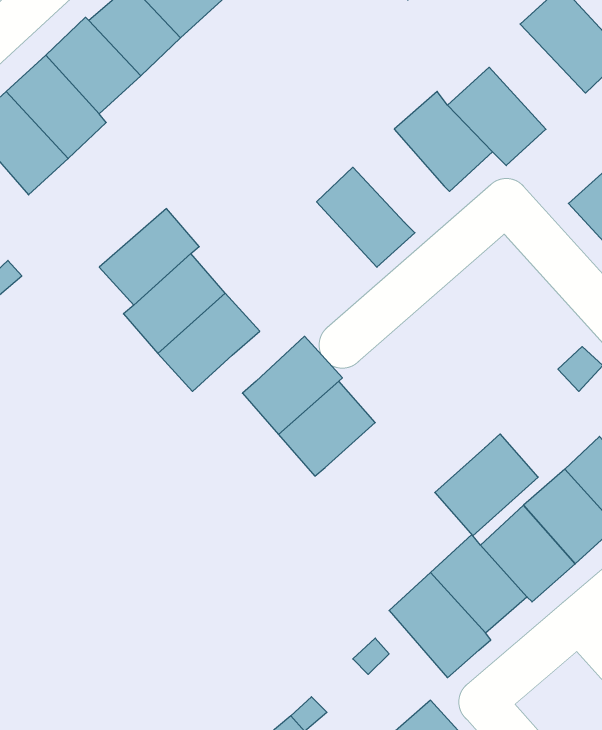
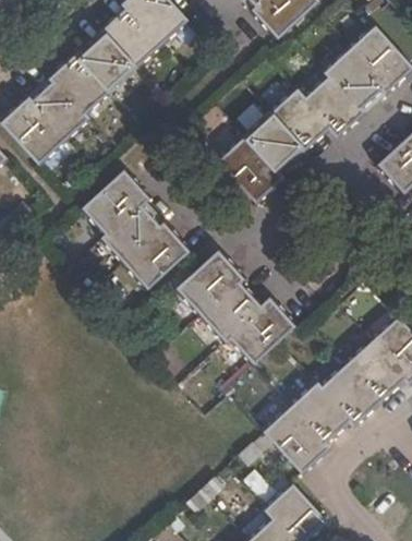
building: none -> [325,52,390,119]
building: none -> [243,119,301,178]
building: [435,434,538,536] -> [226,296,291,360]

